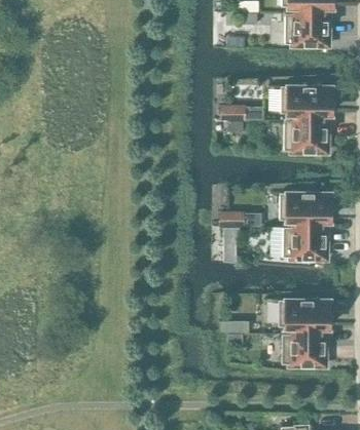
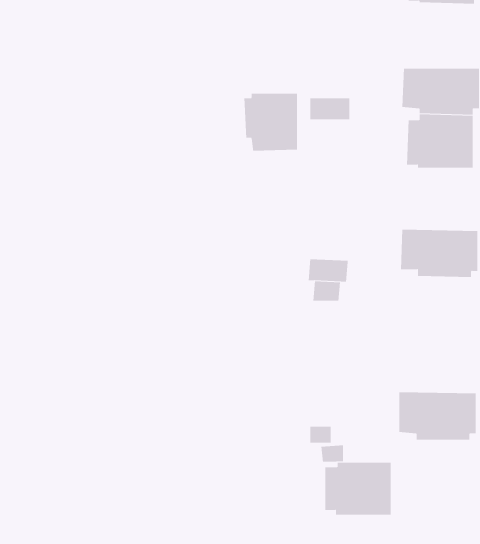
building: none -> [244,93,297,152]
building: [284,224,328,260] -> none
building: [283,331,327,366] -> [324,462,391,515]

